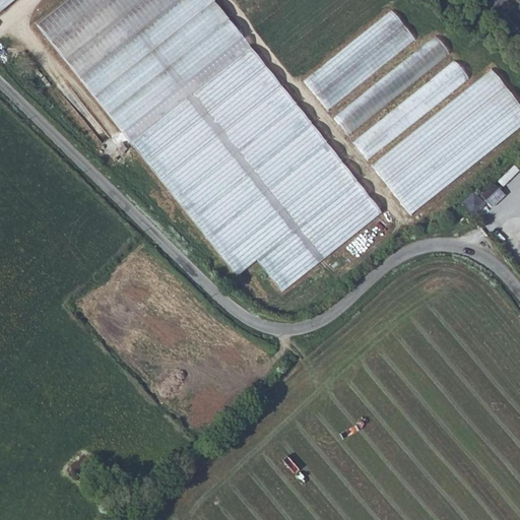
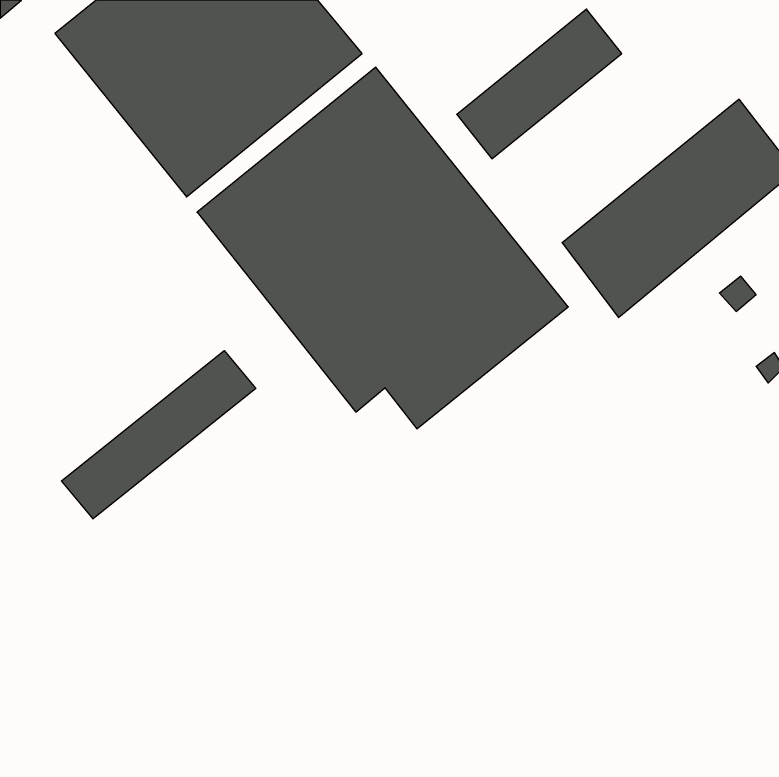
building: [334,34,449,133] -> none
building: [353,59,469,158] -> none
building: none -> [61,351,256,519]

